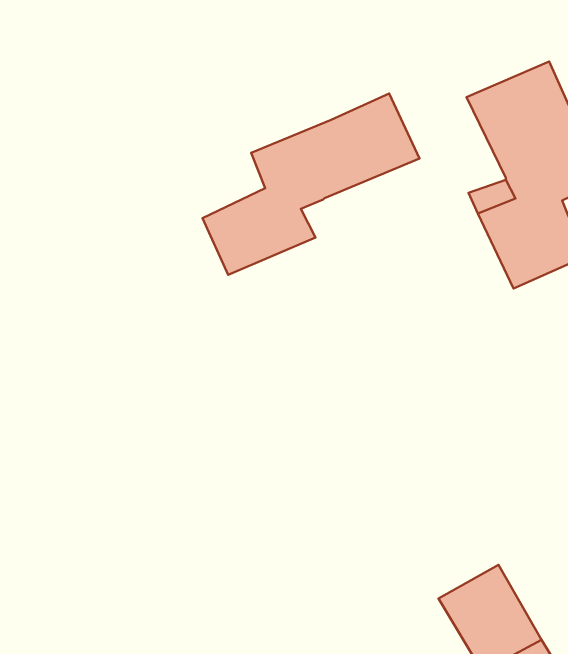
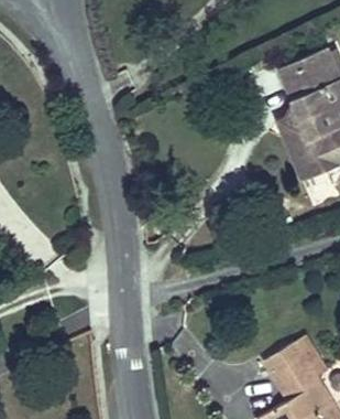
building: [203,94,420,275] -> none

